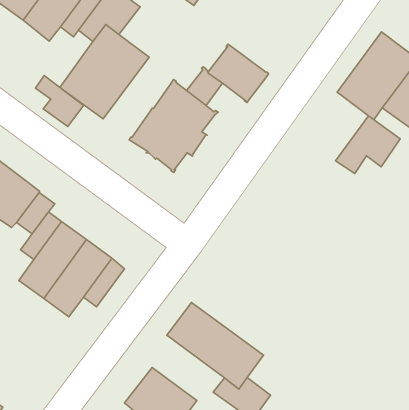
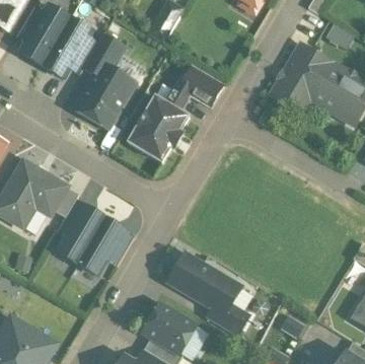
building: [35,75,84,127] -> none
building: [336,116,400,174] -> none

